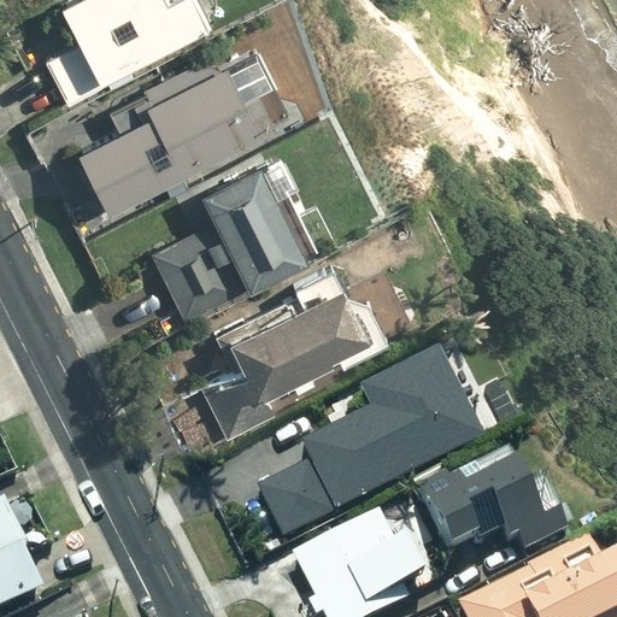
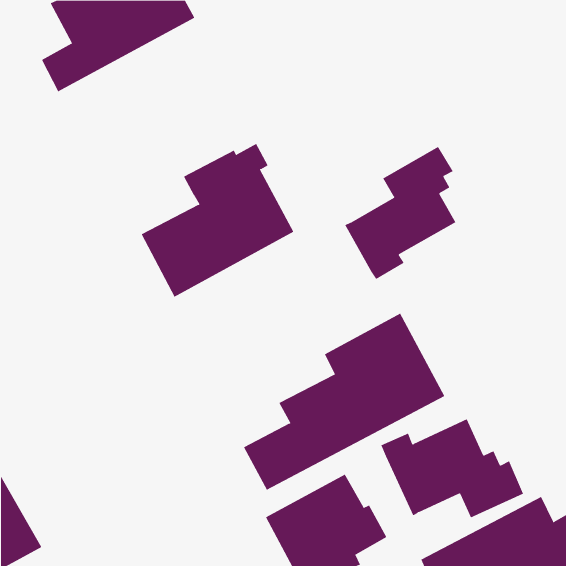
building: [76,48,294,212] -> none
building: none -> [344,146,456,280]
building: [202,265,389,443] -> none

